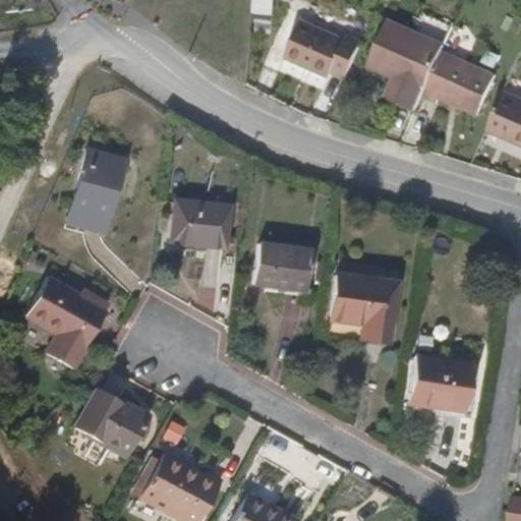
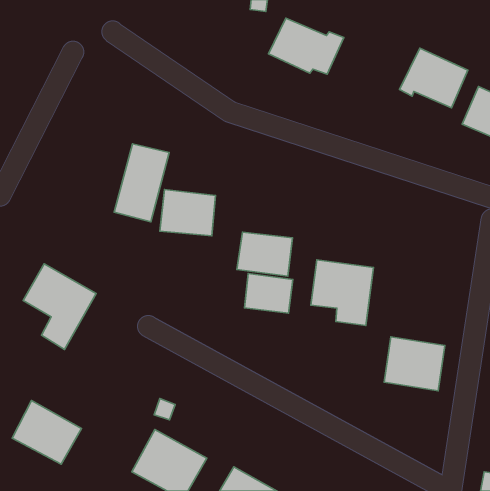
building: [369,18,448,109] -> none
building: [67,152,125,234] -> [114,144,169,222]
building: none -> [244,273,293,313]
building: [75,390,149,457] -> [12,401,81,464]

